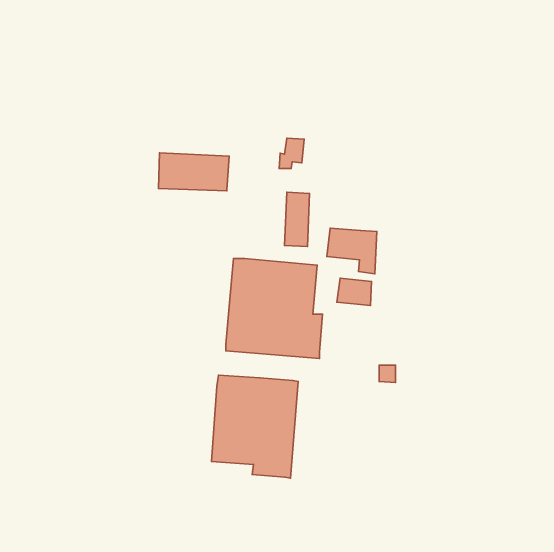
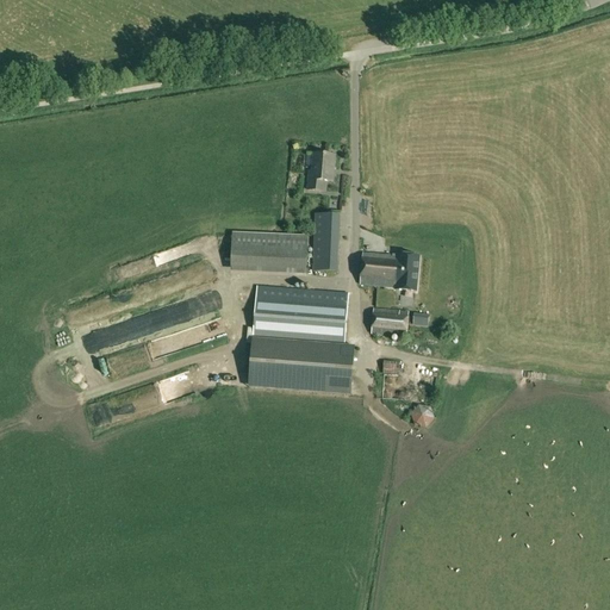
building: [159,153,229,191] -> [230,230,307,272]
building: [211,375,298,478] -> none

